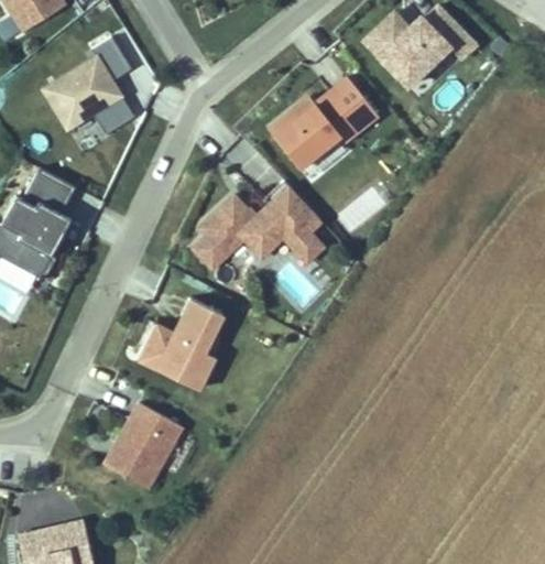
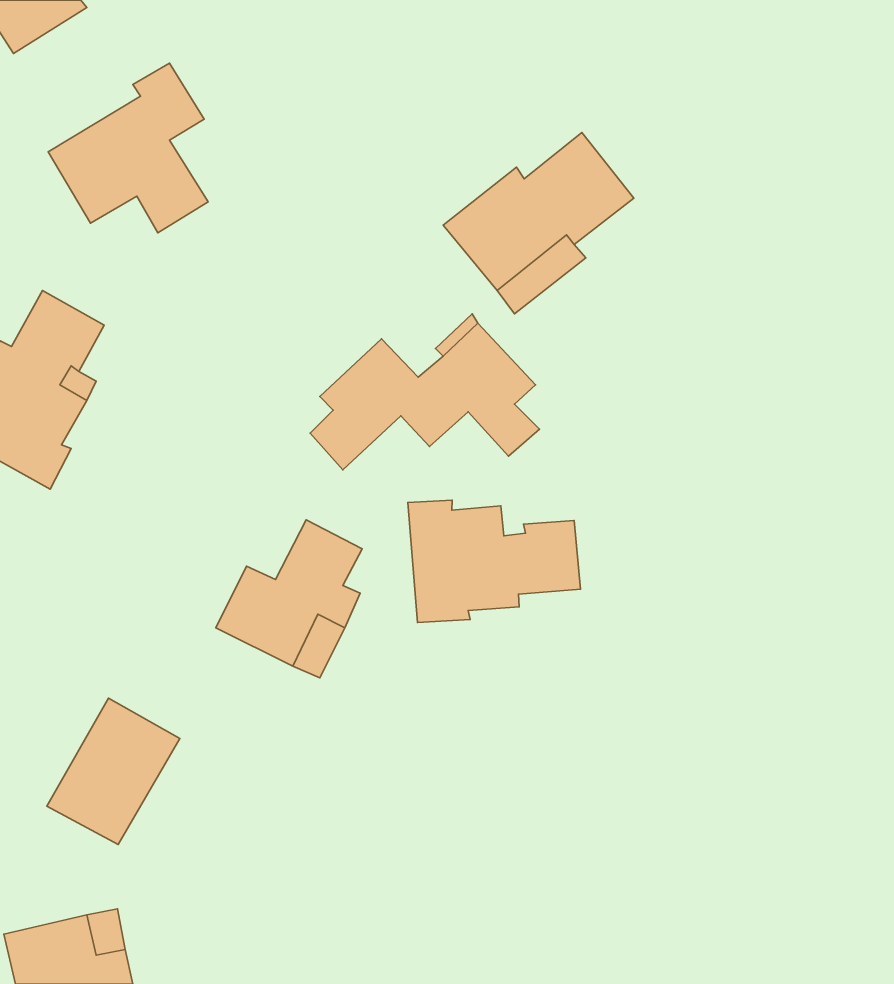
building: [369,6,465,85] -> none
building: none -> [408,500,580,623]
building: [106,402,182,486] -> [47,698,180,845]

